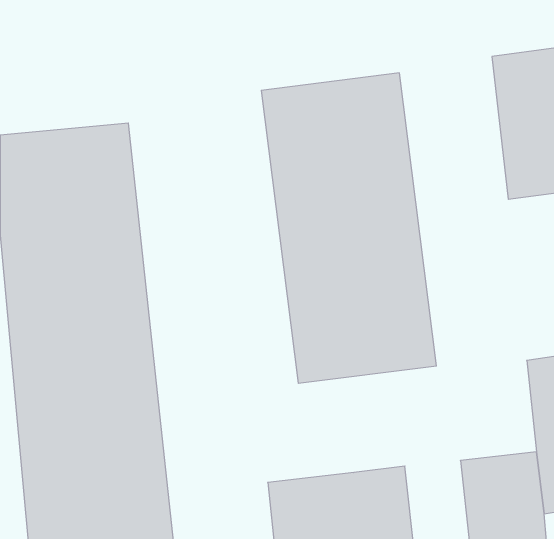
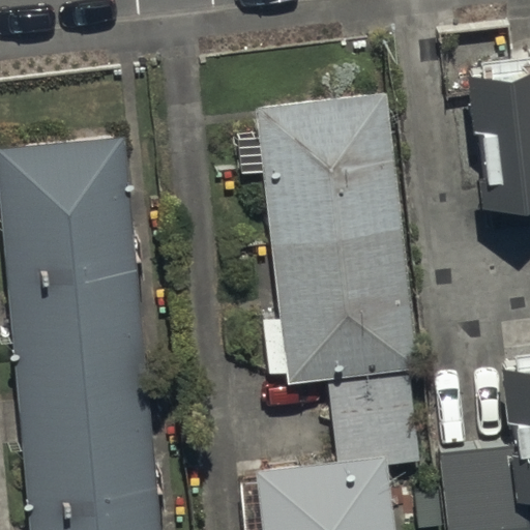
building: none -> [328,376,422,466]

